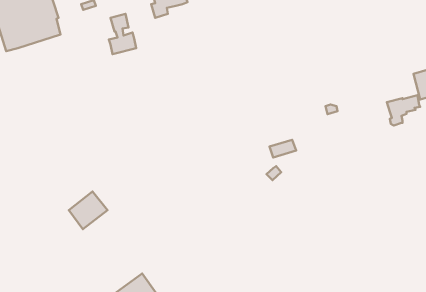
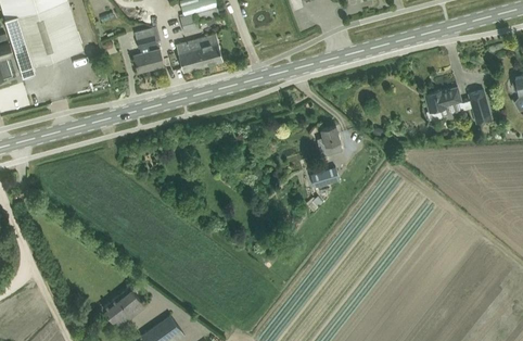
building: none -> [176,34,221,70]
building: [387,95,420,126] -> [423,86,460,119]
building: none -> [316,124,342,155]
building: [69,192,107,229] -> [102,286,144,327]

